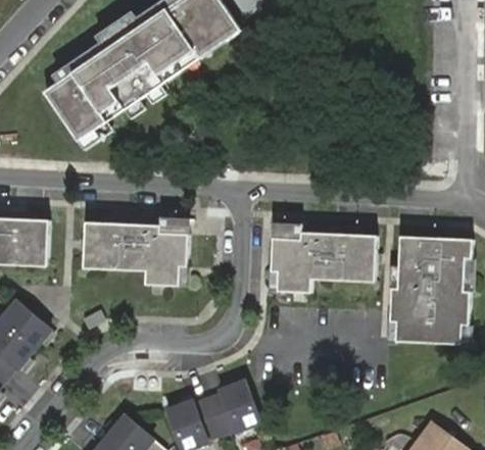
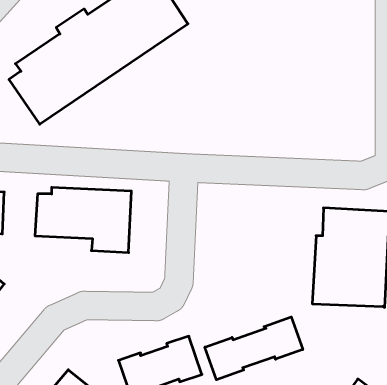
building: [266,222,374,292] -> none
building: none -> [205,317,303,380]

